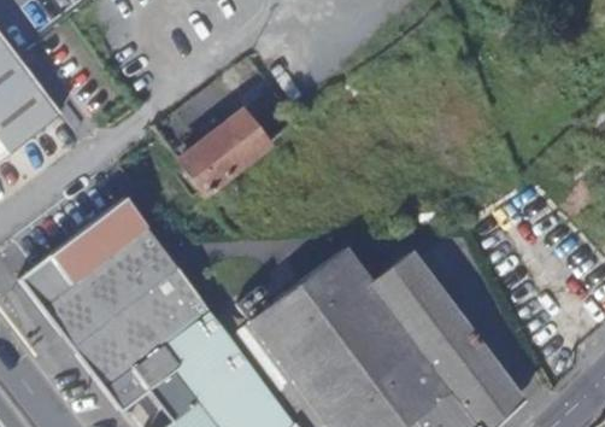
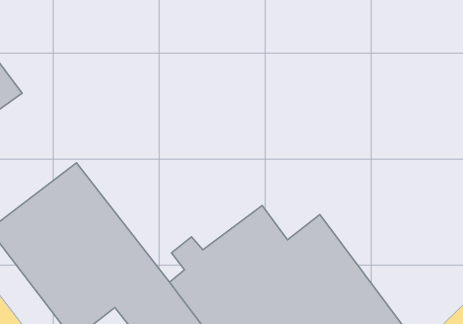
building: [181,109,270,191] -> none

